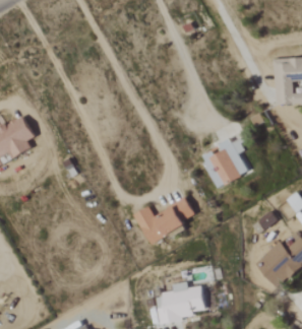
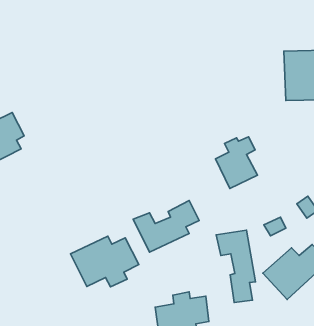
building: none -> [216,230,256,303]
building: none -> [70,236,139,287]

